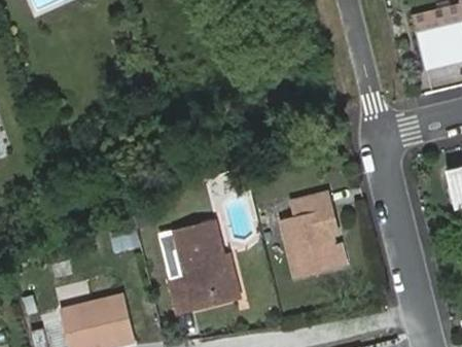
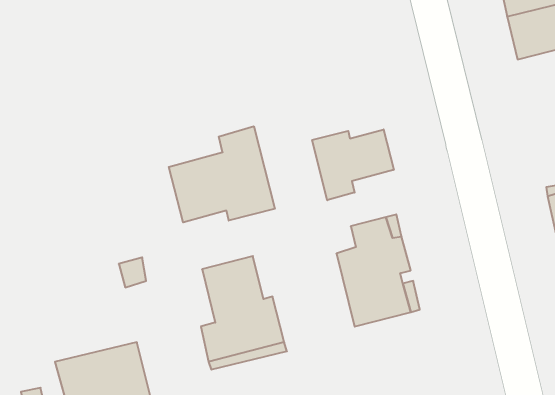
building: none -> [169,126,275,222]
building: none -> [312,129,394,200]

